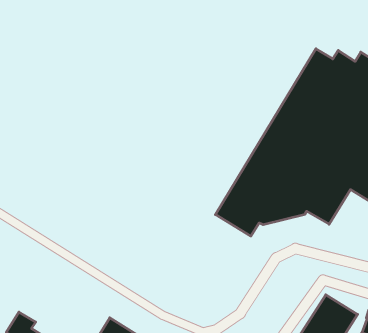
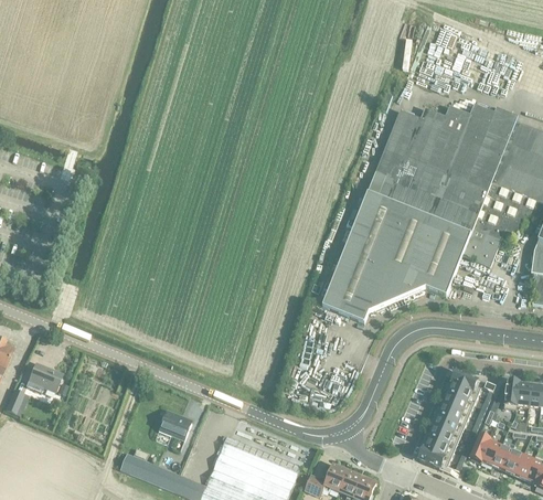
building: none -> [159,409,193,439]

